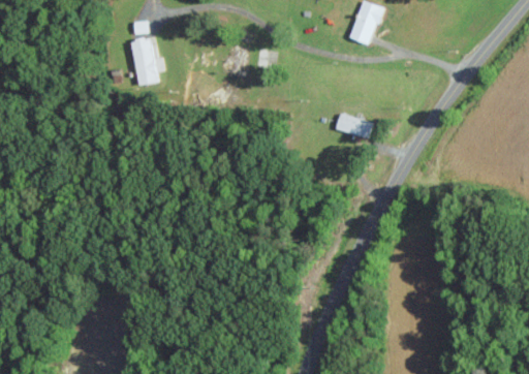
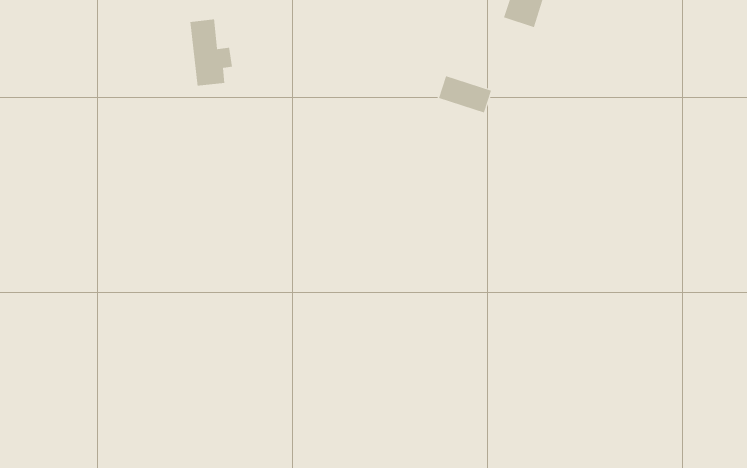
building: [335,114,372,139] -> [438,76,492,113]

